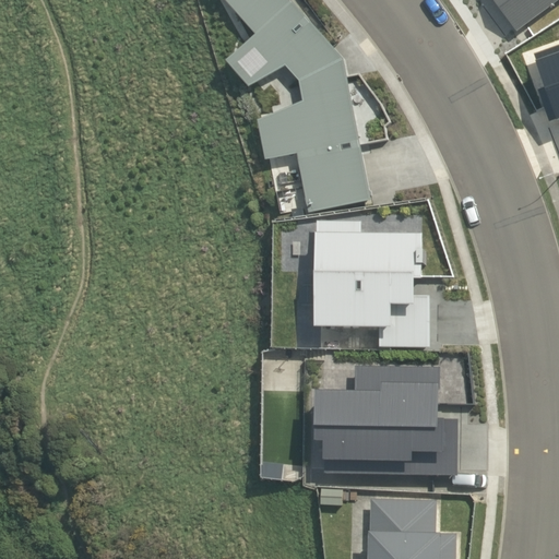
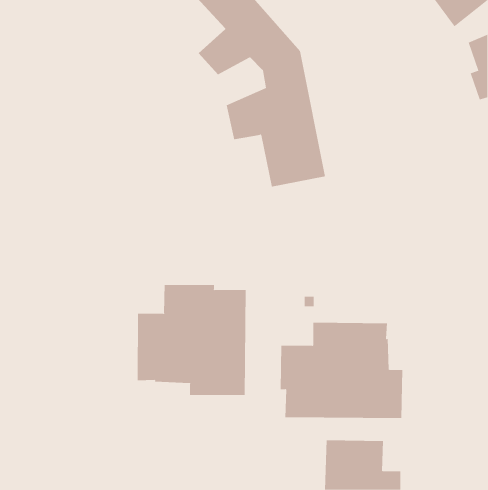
building: [314,219,428,346] -> none
building: none -> [137,284,246,396]

